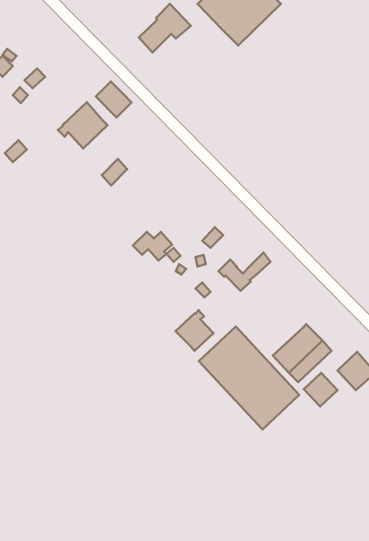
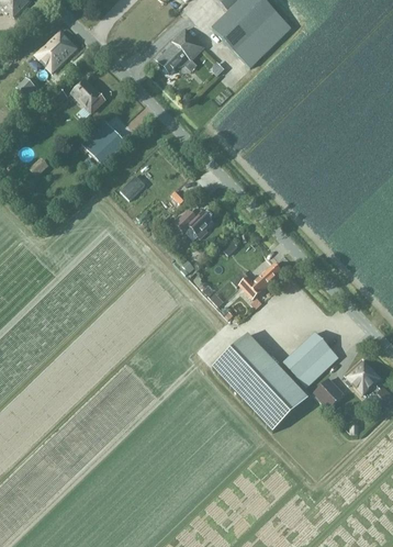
building: none -> [36,31,77,71]
building: [96,82,132,117] -> [71,80,105,114]
building: [133,232,172,261] -> [176,210,213,237]
building: [176,310,214,351] -> none

